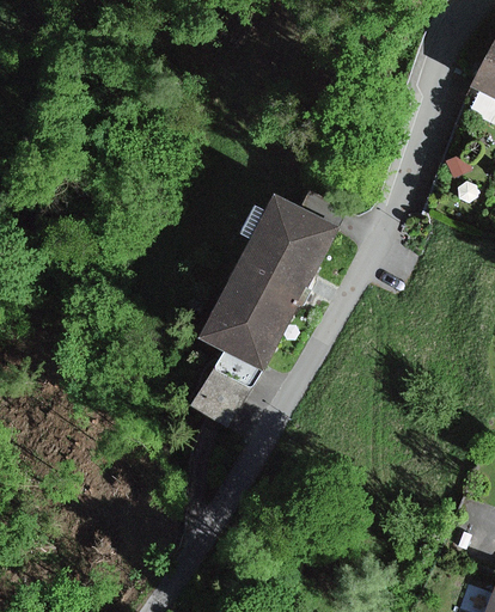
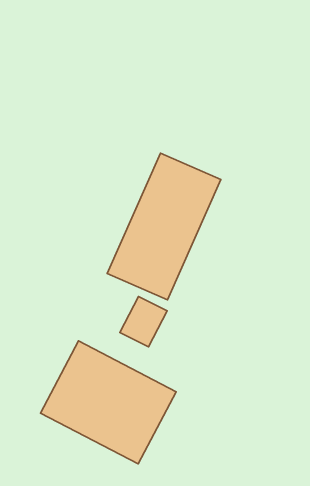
building: none -> [40,341,176,464]

